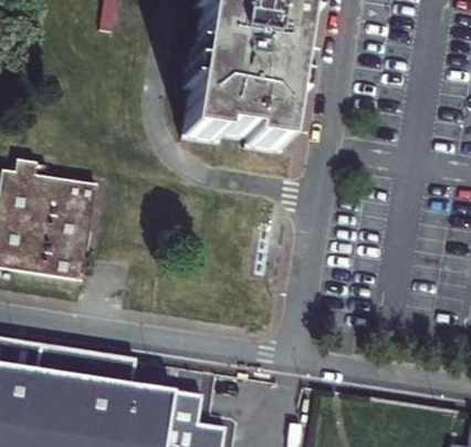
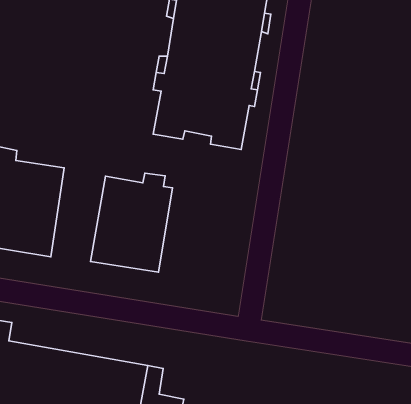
building: none -> [91,173,172,272]

